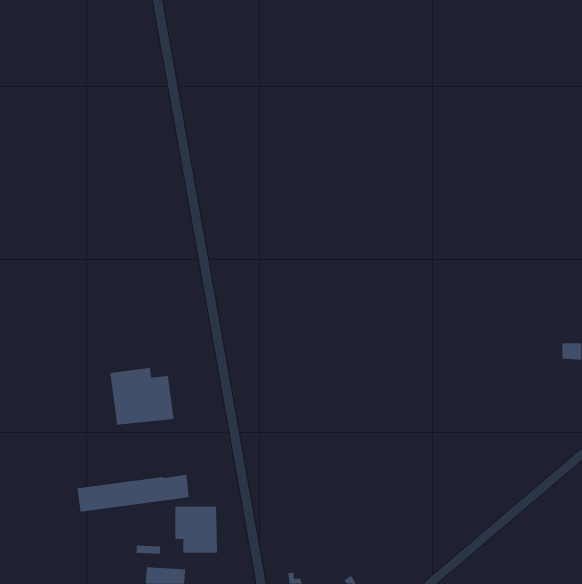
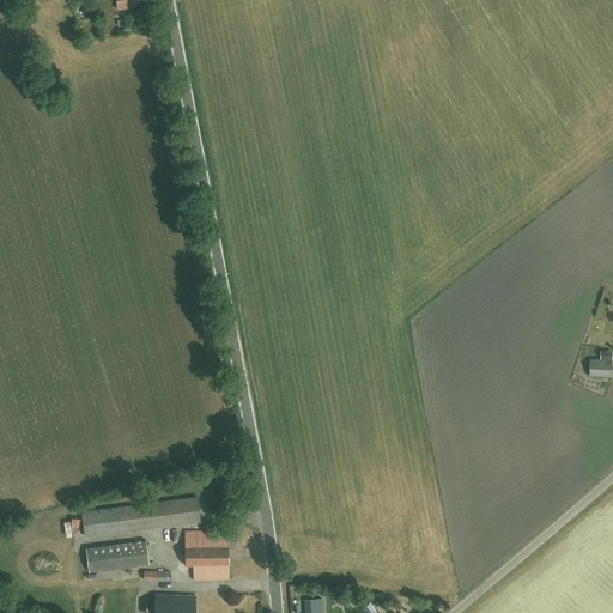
building: [110,367,174,426] -> none
building: none -> [85,540,148,571]

